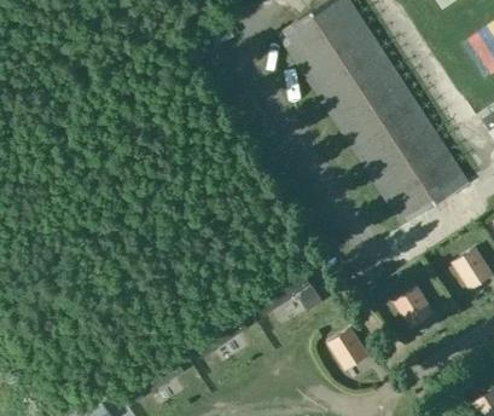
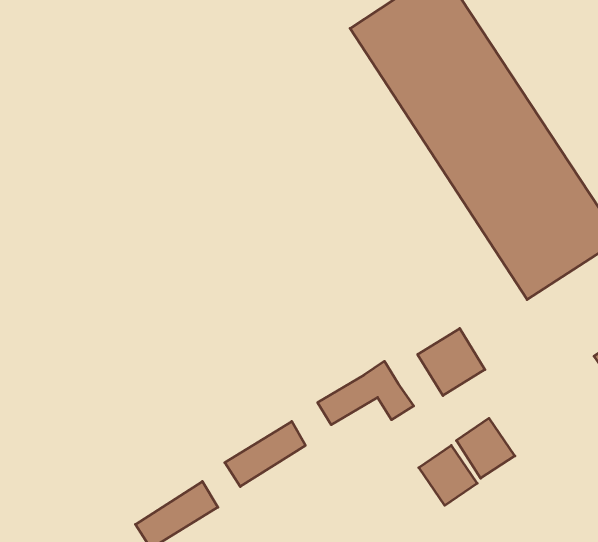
building: none -> [418,328,485,396]
building: [394,287,435,329] -> [456,418,515,478]

